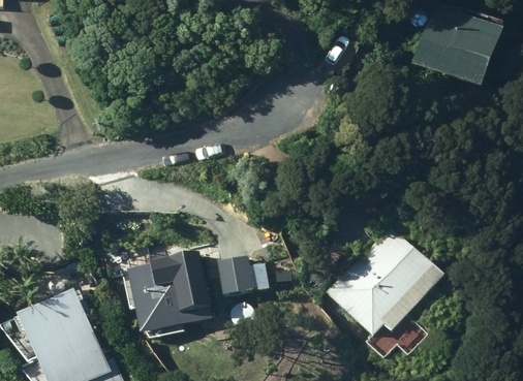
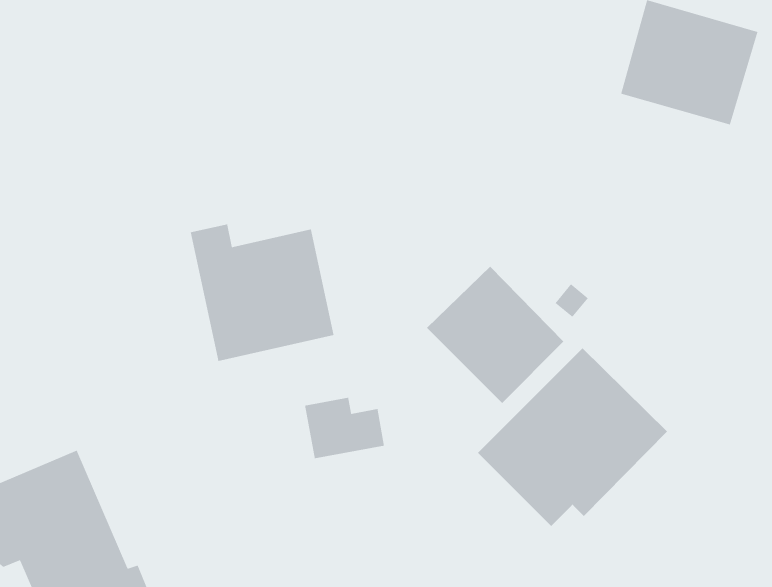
building: none -> [426,266,564,404]
building: [122,247,213,334] -> [190,224,335,362]

